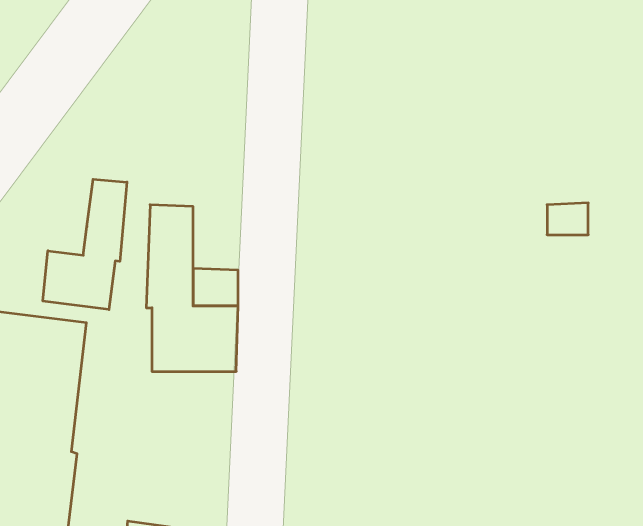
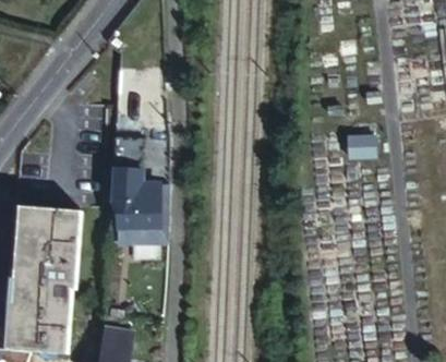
building: [43,179,127,310] -> none

